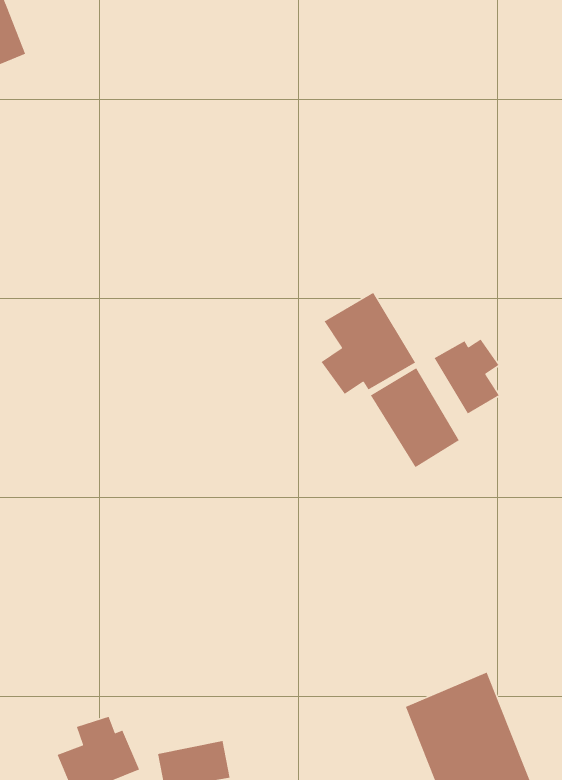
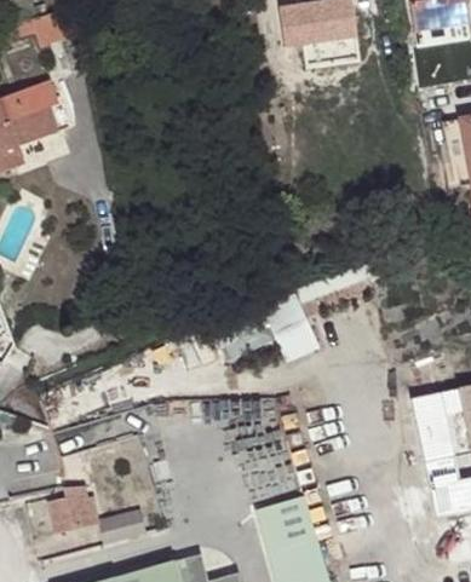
building: [320,292,416,395] -> none
building: [434,339,500,414] -> none

